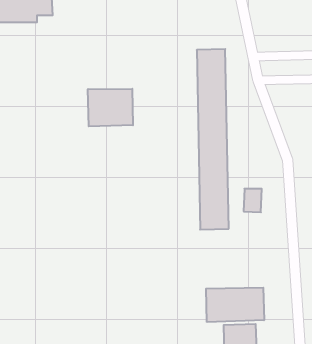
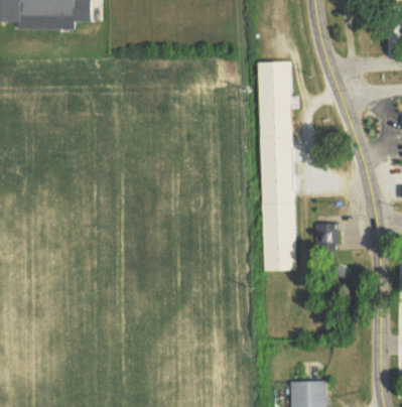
building: [88,89,133,126] -> none
building: [206,288,264,322] -> none

